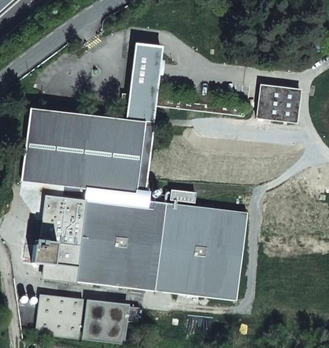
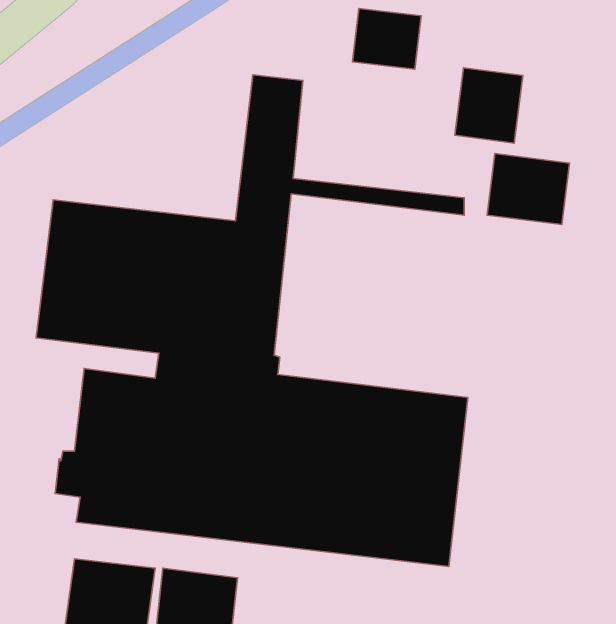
building: none -> [352,8,421,69]
building: none -> [455,68,523,143]

